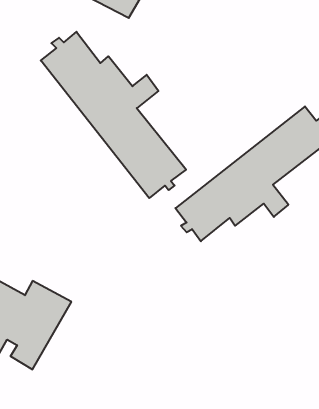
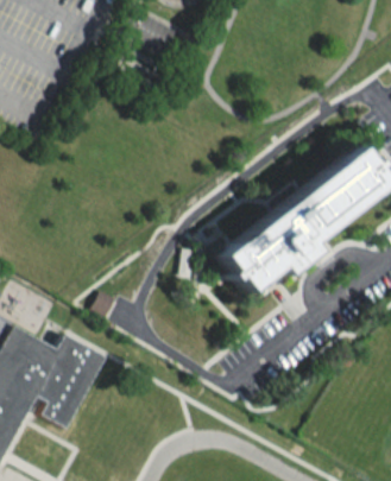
building: [41,32,186,198] -> none

